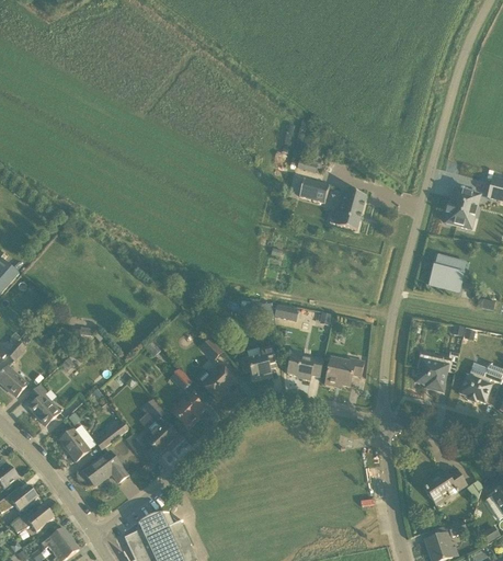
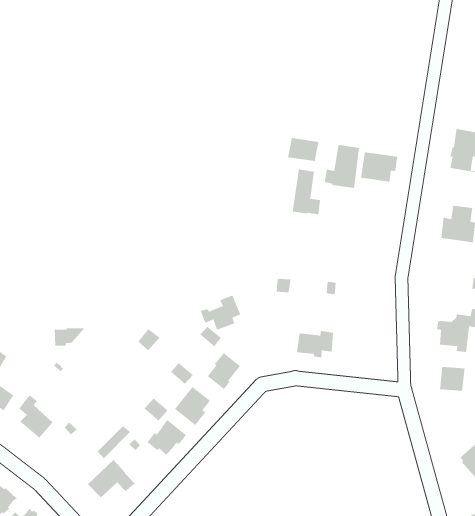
building: none -> [361,151,398,182]
building: none -> [292,169,320,215]
building: [239,347,276,378] -> [200,295,241,331]
building: [324,356,364,387] -> none
building: none -> [439,366,465,391]
building: [59,430,89,461] -> none

